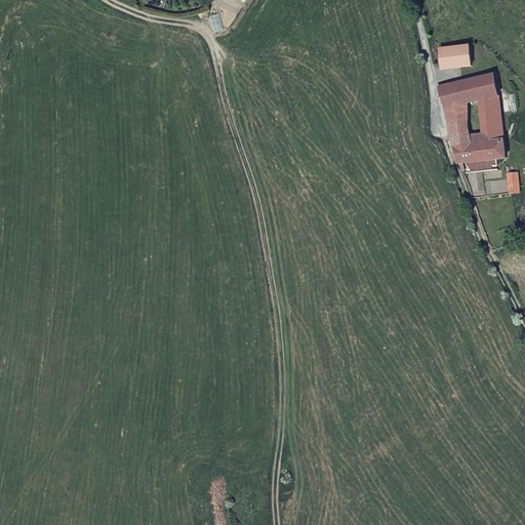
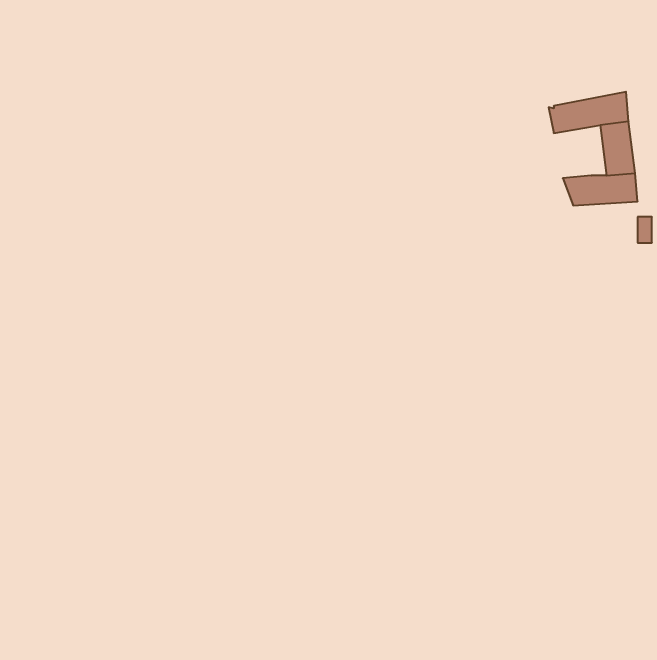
building: [435,45,472,68] -> none
building: [440,102,470,142] -> none

